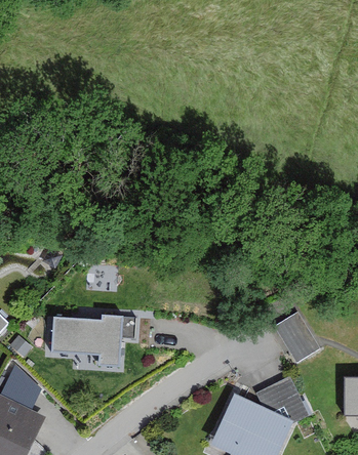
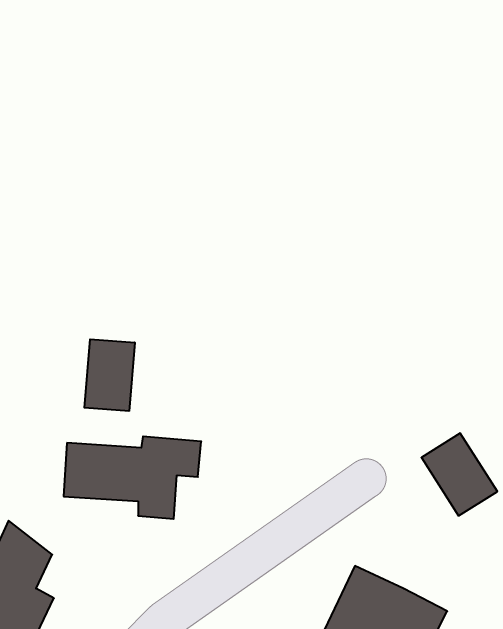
building: none -> [84,339,135,411]
building: [256,379,308,425] -> none

